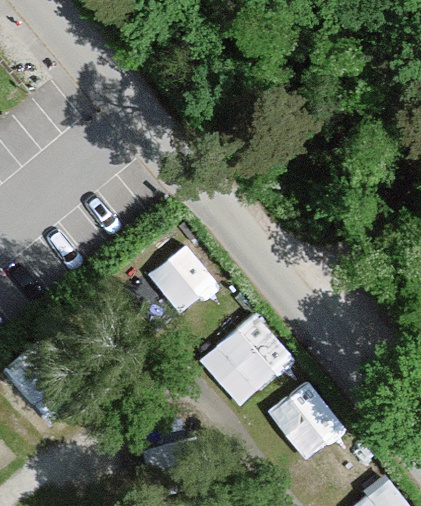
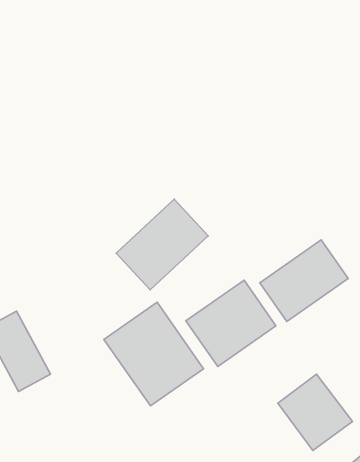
building: none -> [260,240,348,321]
building: none -> [104,302,204,406]

